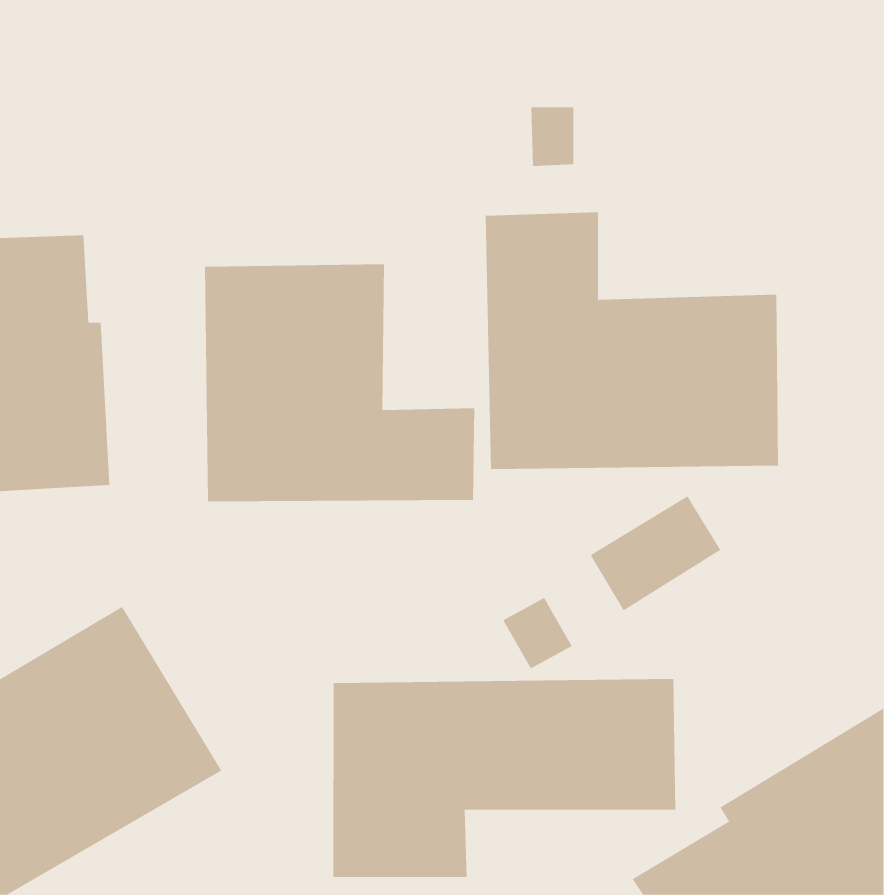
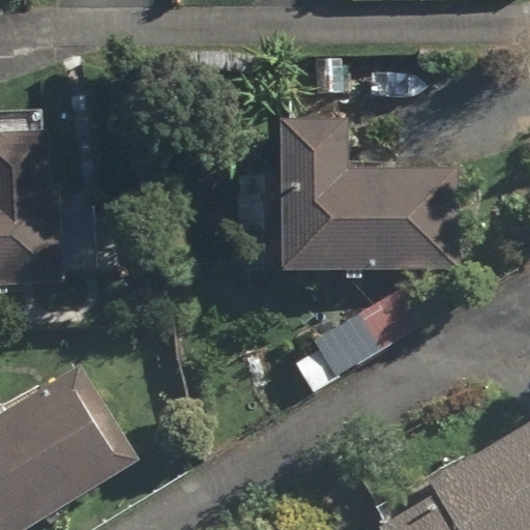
building: [205,264,475,502] -> none
building: [333,678,676,878] -> none

